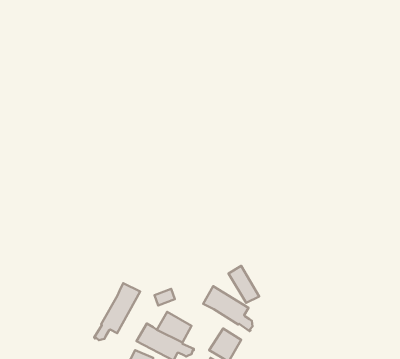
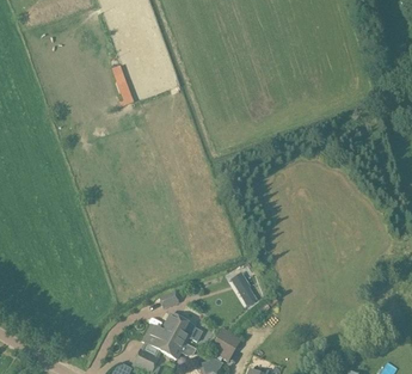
building: [94,283,140,340] -> none
building: [203,286,252,331] -> none

